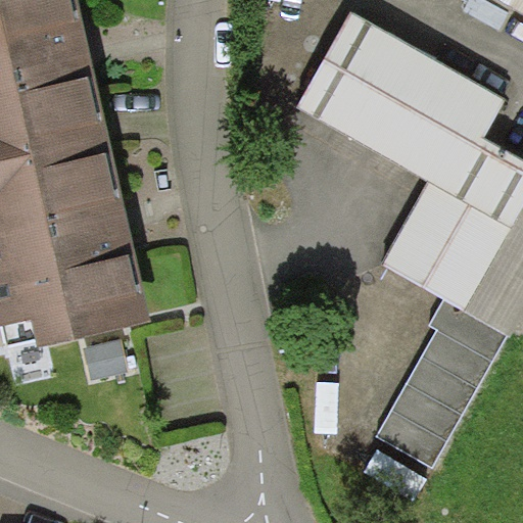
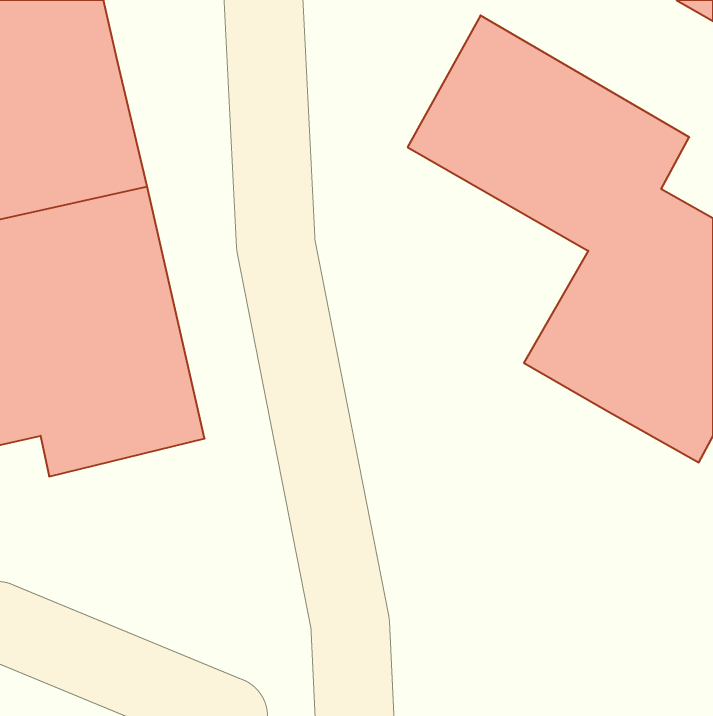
building: [375,299,506,467] -> none

